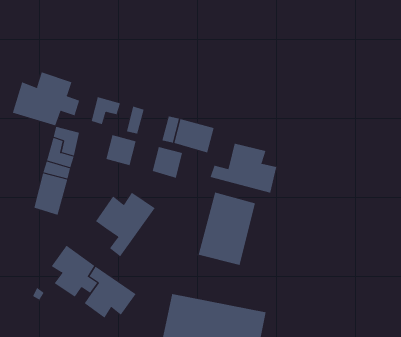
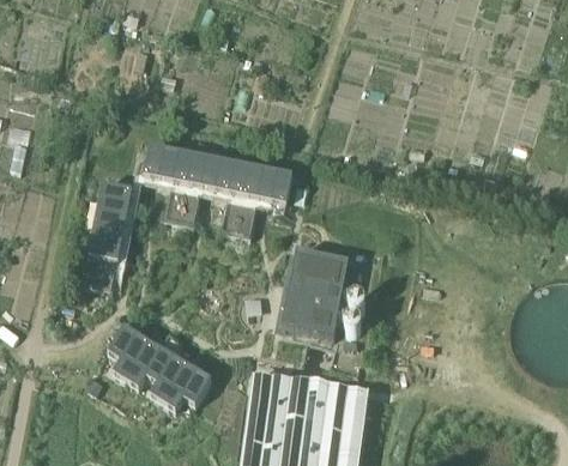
building: [12,71,80,126] -> none
building: none -> [158,149,193,182]
building: none -> [201,155,236,190]
building: [210,143,277,194] -> none
building: [95,192,156,257] -> none

